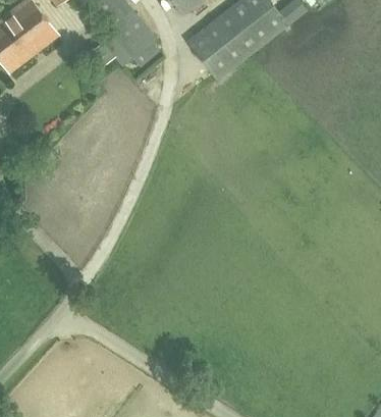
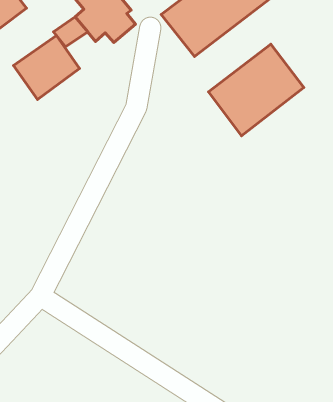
building: none -> [14,36,80,99]
building: none -> [208,44,304,136]

